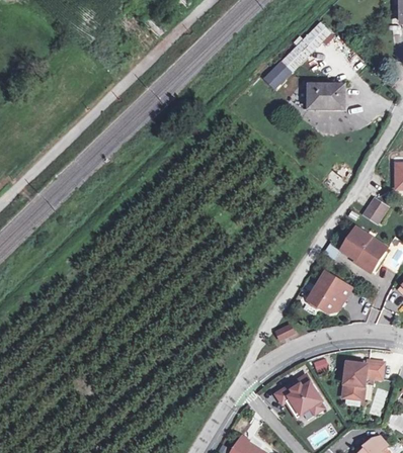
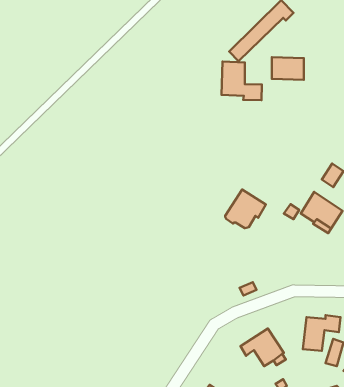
building: none -> [221,62,262,100]
building: [307,273,350,314] -> [225,190,266,228]

